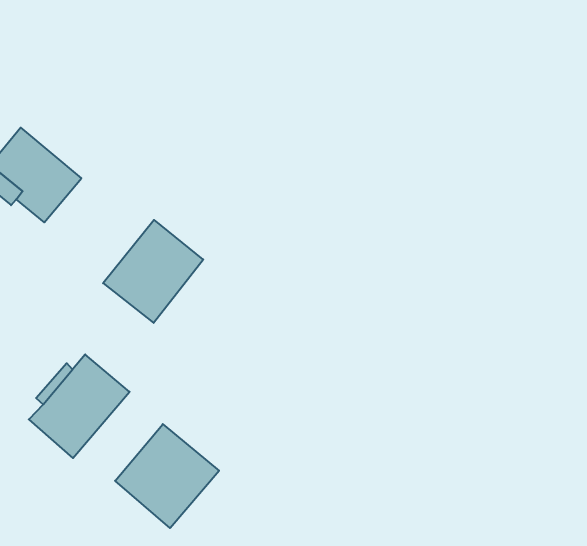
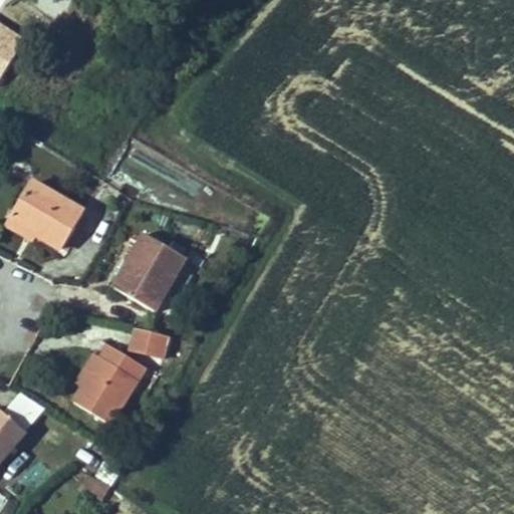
building: none -> [130,326,169,356]
building: [115,424,219,528] -> none

